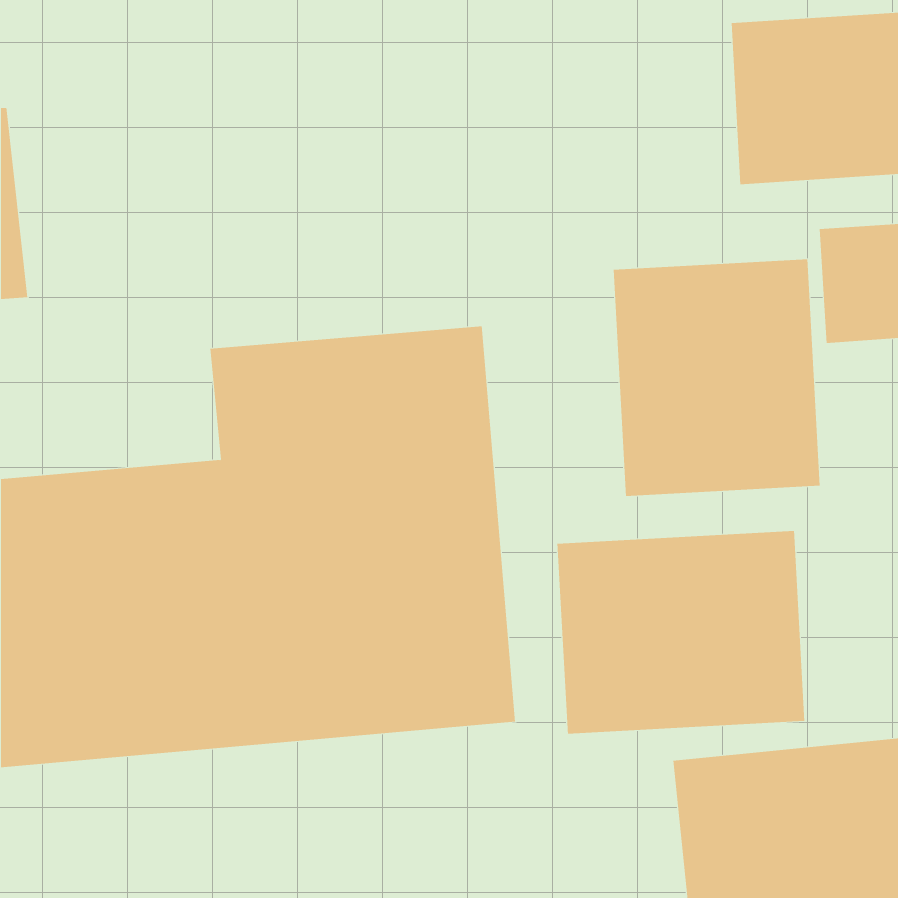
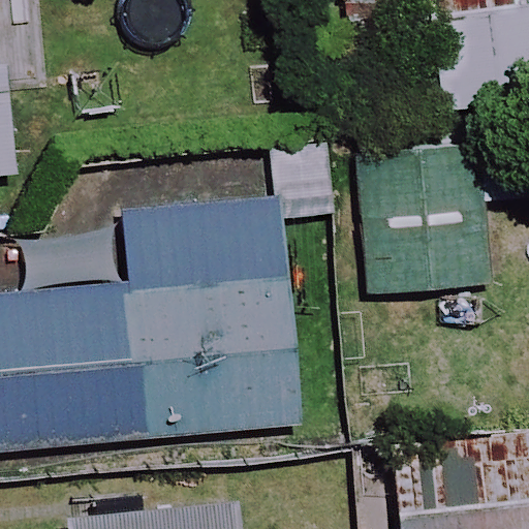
building: [557,530,805,735] -> none

